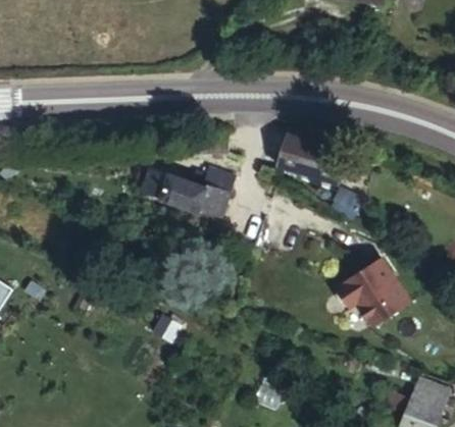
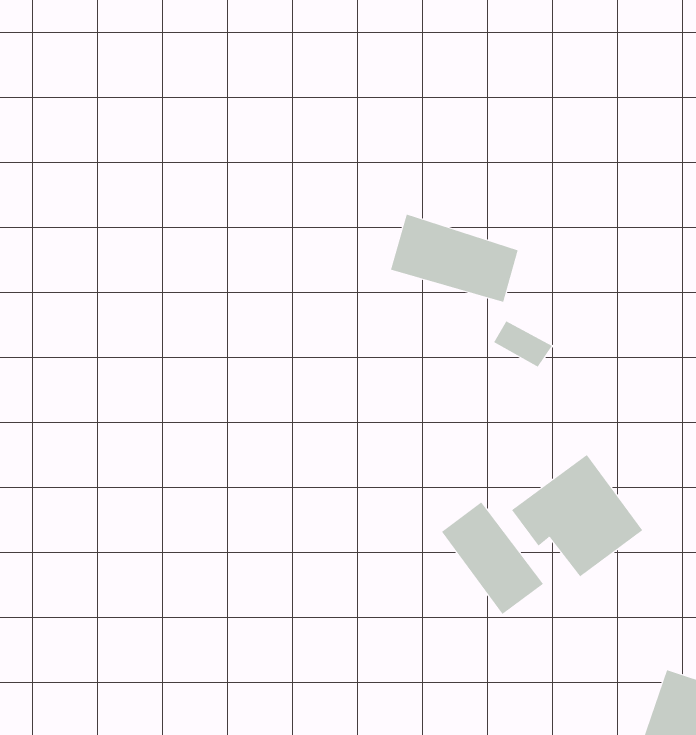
building: [125,162,222,219] -> none
building: none -> [441,501,544,615]

